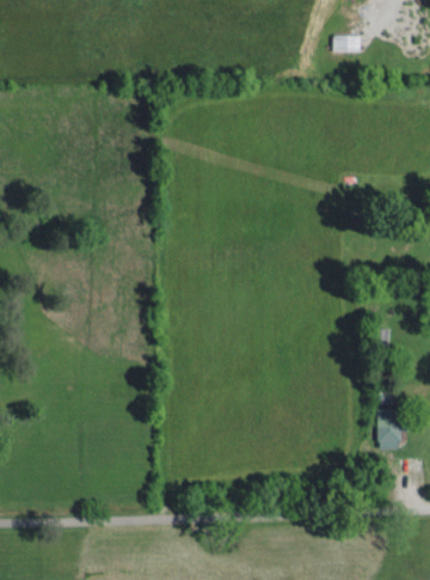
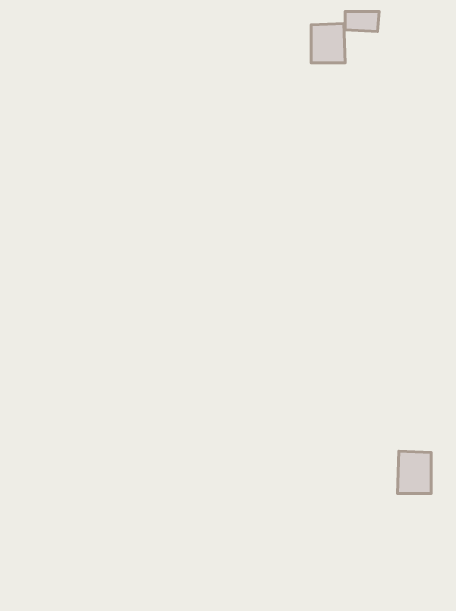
building: none -> [311,24,345,63]

